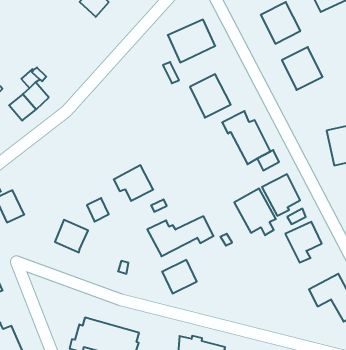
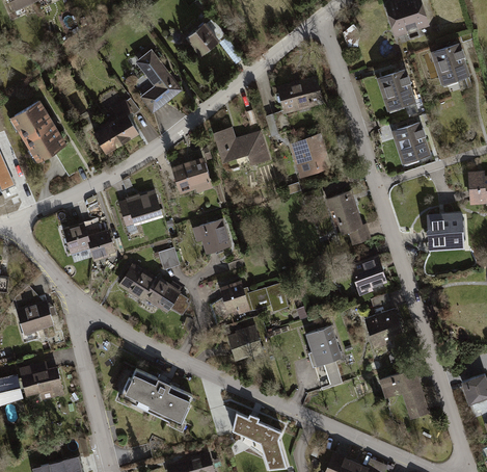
building: none -> [136,48,181,108]
building: none -> [213,127,270,164]
building: none -> [170,157,214,195]
building: none -> [117,187,164,232]
building: none -> [82,218,115,263]
building: [234,188,276,235] -> [302,322,344,373]
building: none -> [143,276,190,316]

